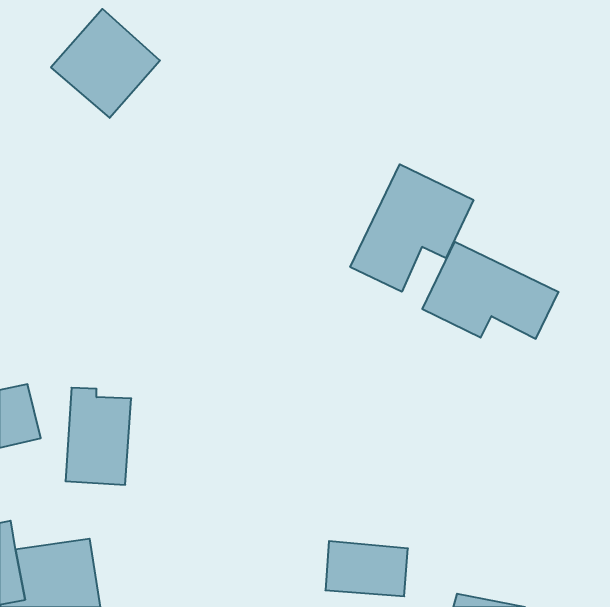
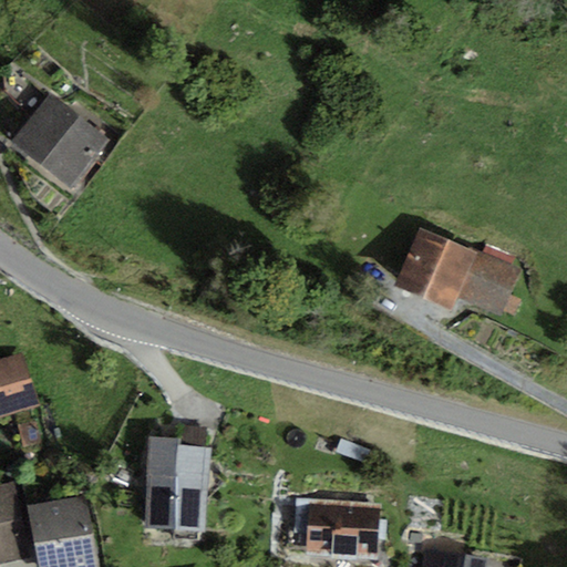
building: [51,9,160,118] -> [6,96,106,197]
building: [350,164,473,292] -> none
building: [65,388,131,485] -> [146,436,207,526]

